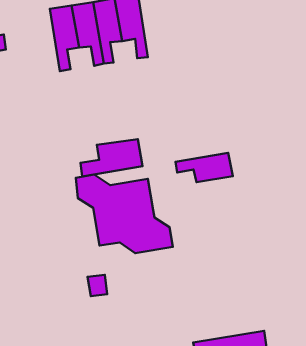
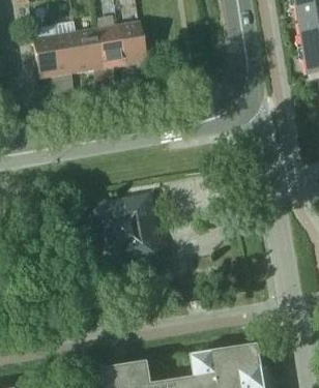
building: none -> [32,33,63,94]
building: [80,139,142,177] -> none
building: [176,153,233,182] -> none

